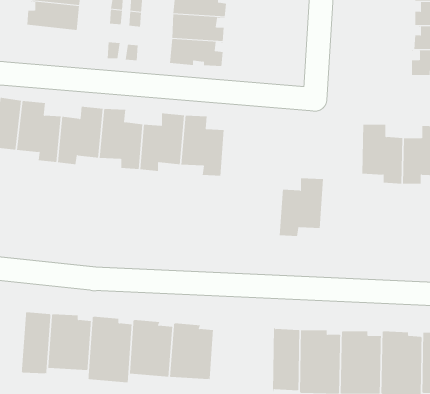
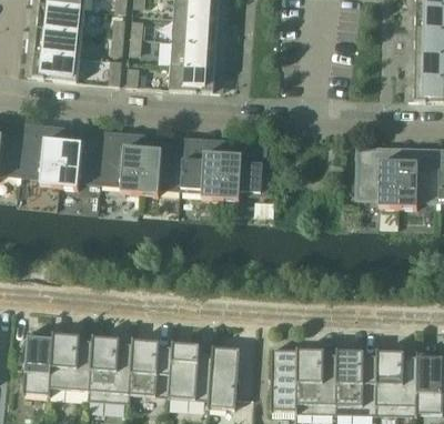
building: none -> [28,51,80,81]
building: [279,178,324,237] -> [221,143,265,201]
building: none -> [210,345,241,408]

